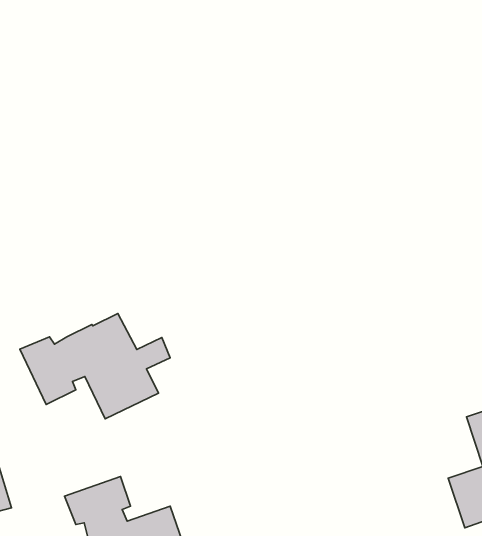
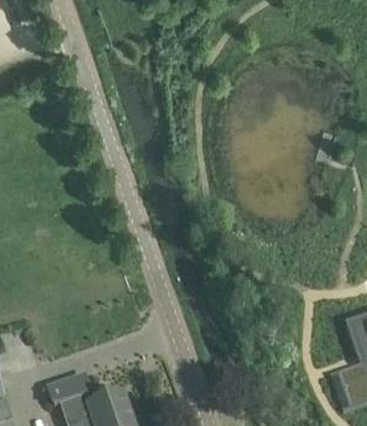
building: [20,313,170,419] -> none

